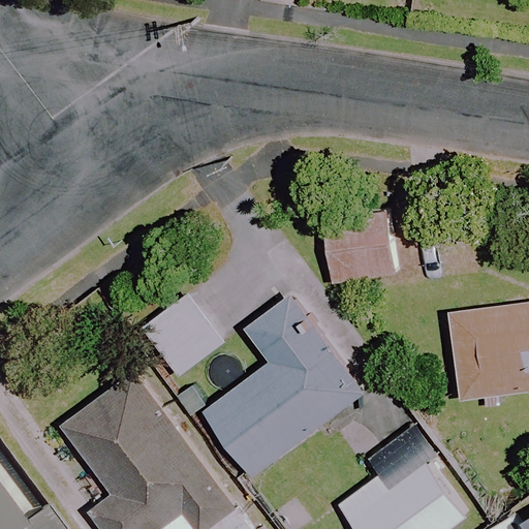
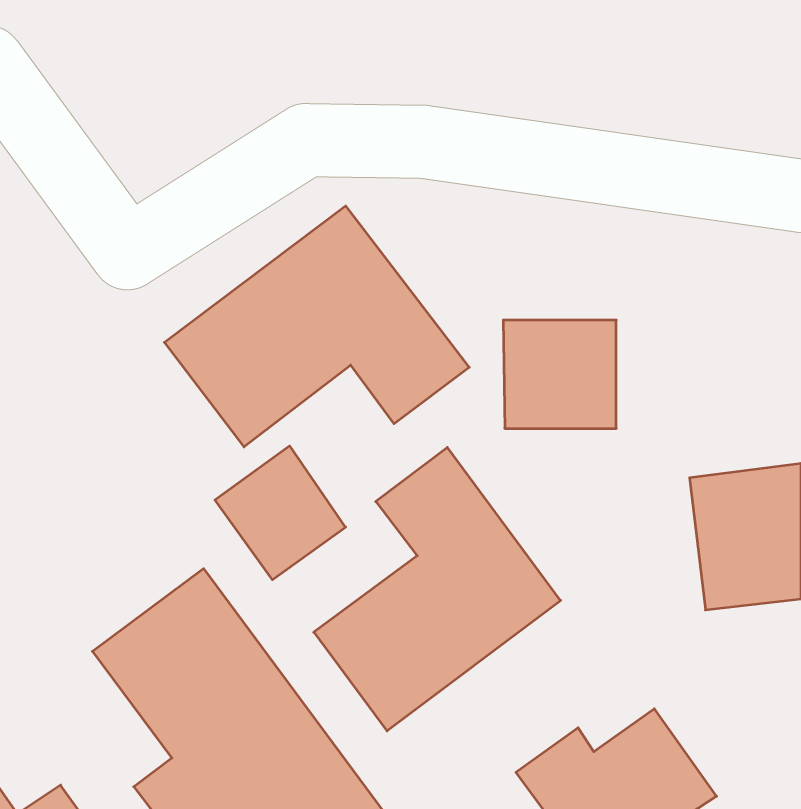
building: none -> [164,206,469,447]

